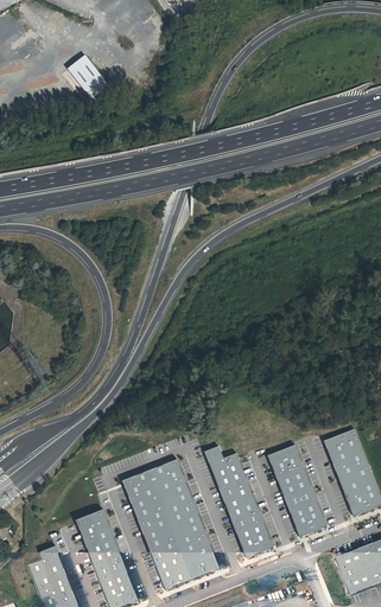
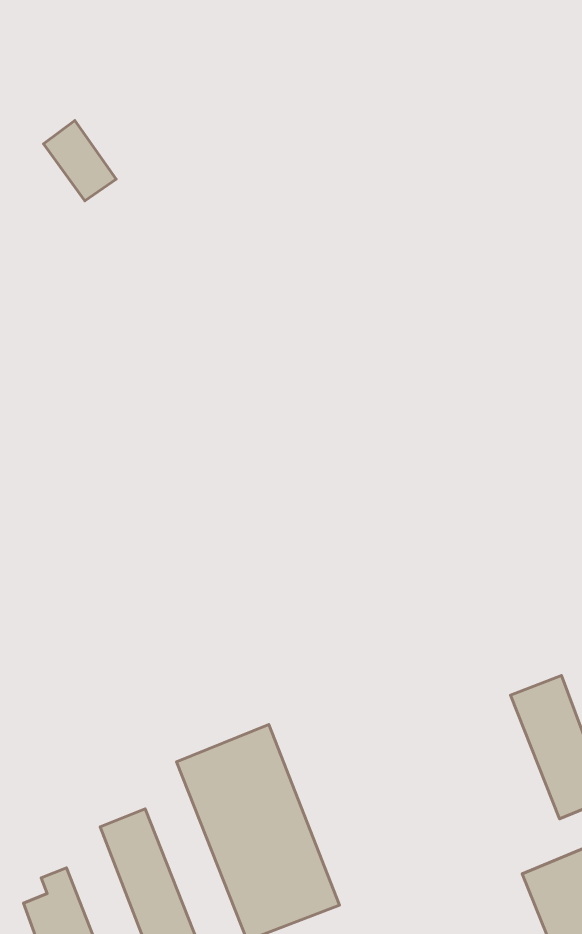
building: [66,53,110,102] -> [43,120,116,201]
building: [268,445,328,537] -> none
building: [204,446,274,558] -> none

